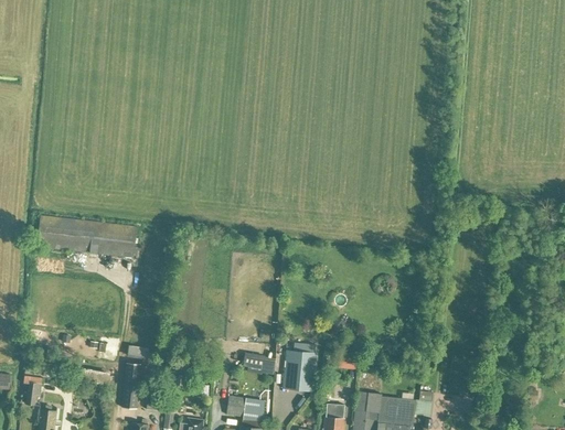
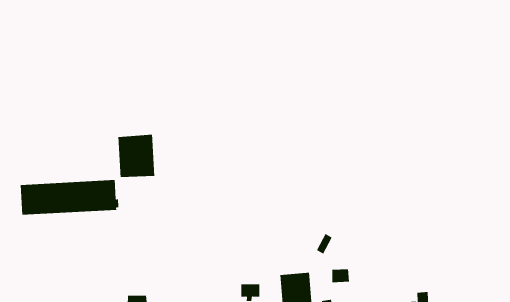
building: none -> [118,134,155,178]

